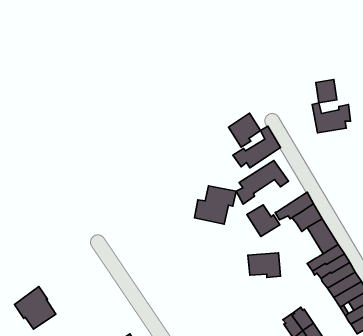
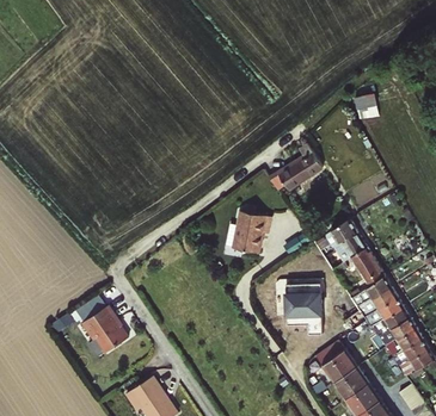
building: [312,103,350,133] -> none
building: [228,113,260,147] -> none
building: [236,160,288,204] -> none
building: [247,205,280,236] -> none
building: [14,286,56,329] -> [80,306,127,354]

